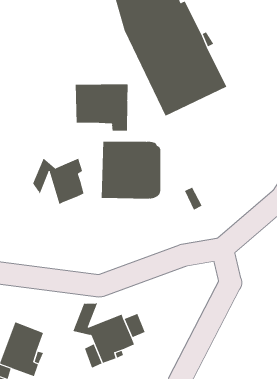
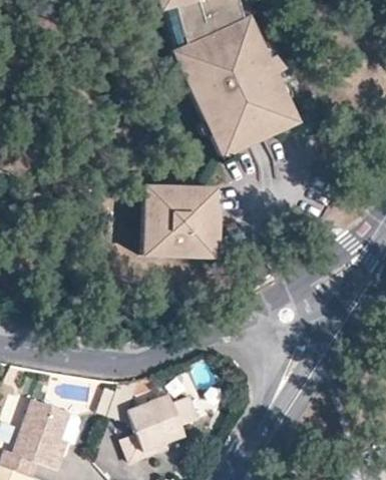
building: [75,83,128,132] -> none
building: [32,157,84,205] -> none

